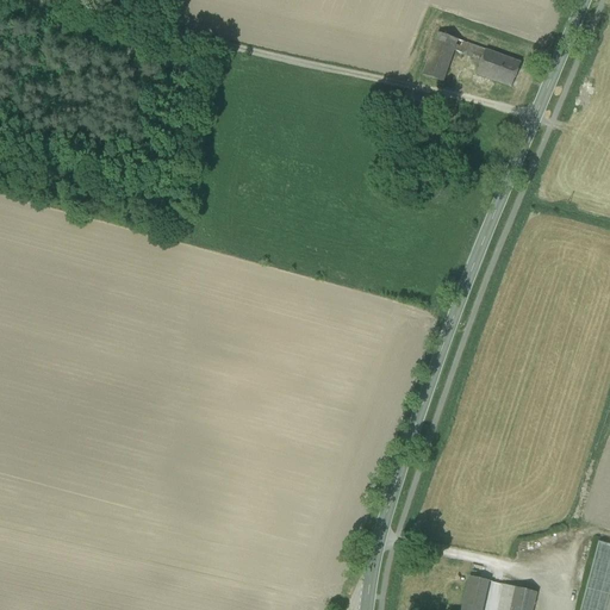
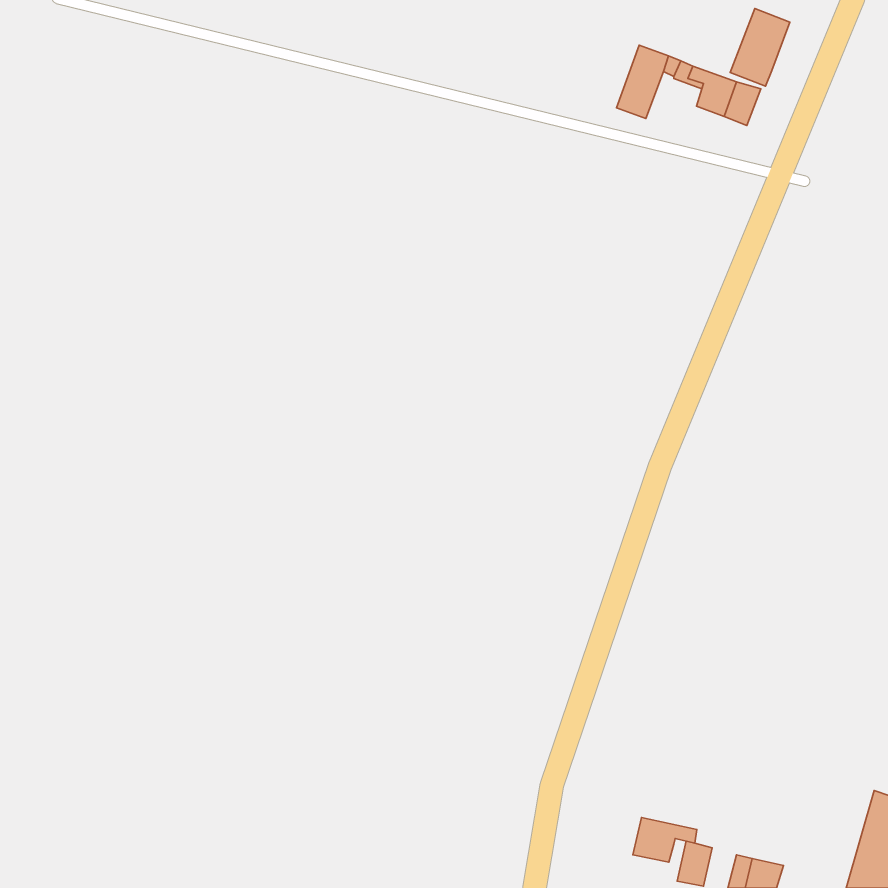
building: none -> [730,8,790,86]
building: none -> [633,817,697,862]

